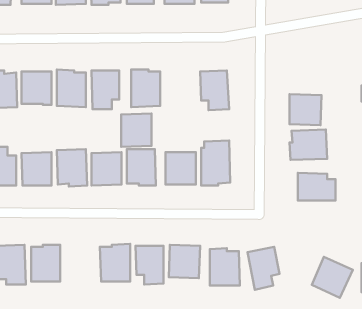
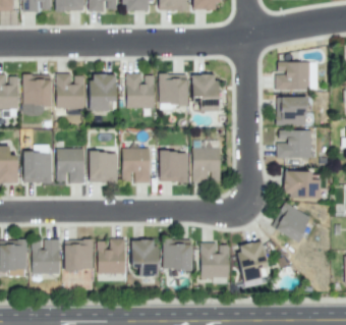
building: none -> [276,62,310,90]
building: [121,113,151,147] -> [160,74,188,106]
building: none -> [65,240,94,270]
building: [312,257,353,298] -> [273,204,311,242]

